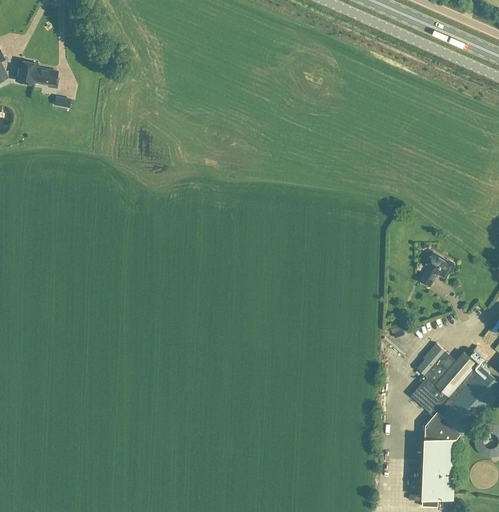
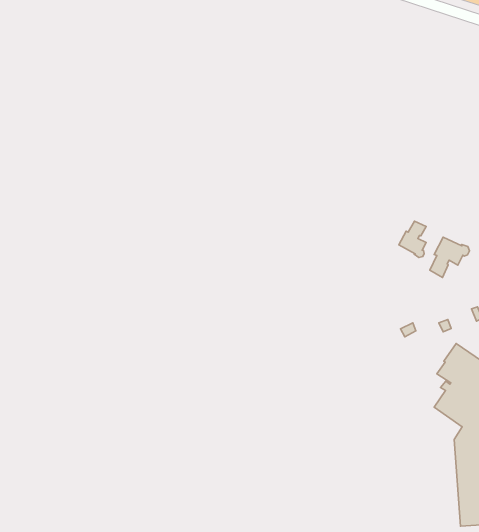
building: none -> [399,221,426,257]

